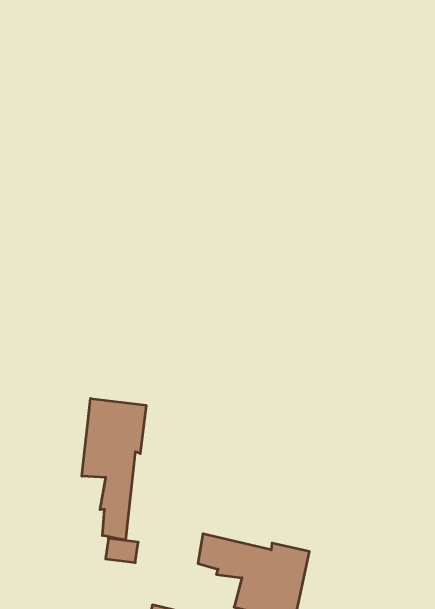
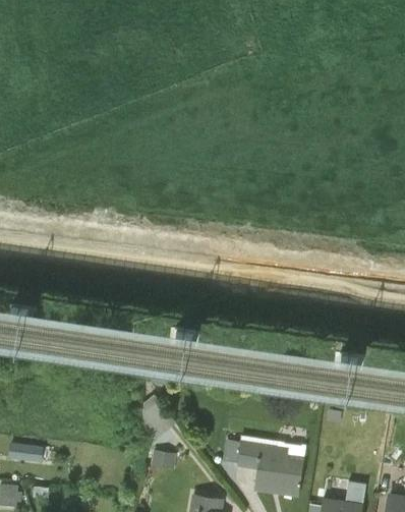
building: [82,398,146,540] -> none

